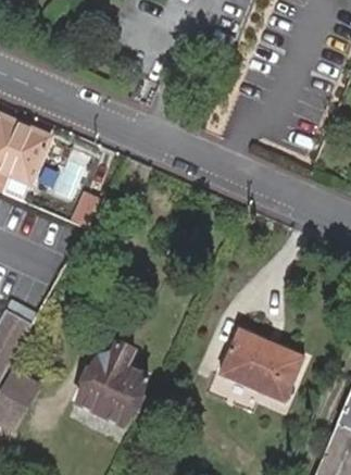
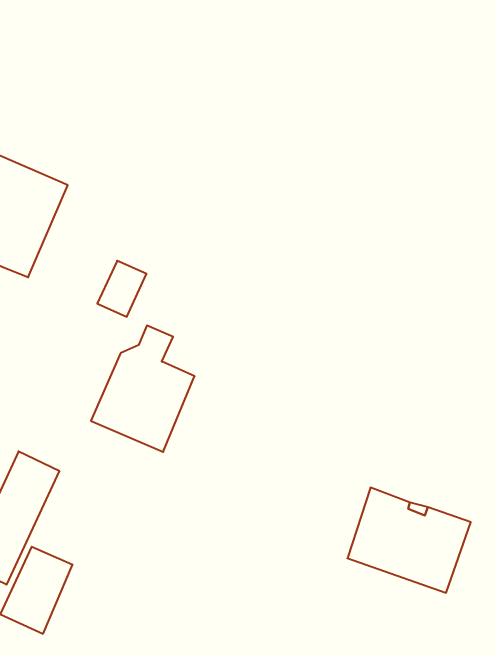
building: [91,339,160,423] -> [91,325,195,452]

